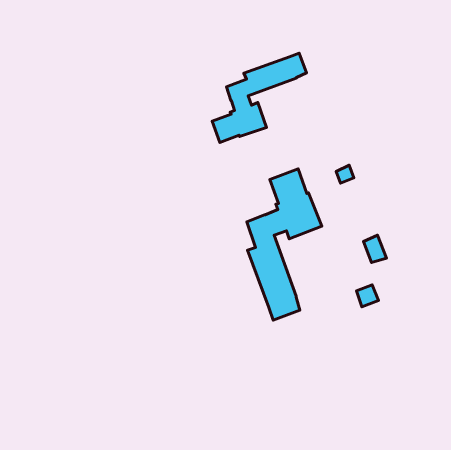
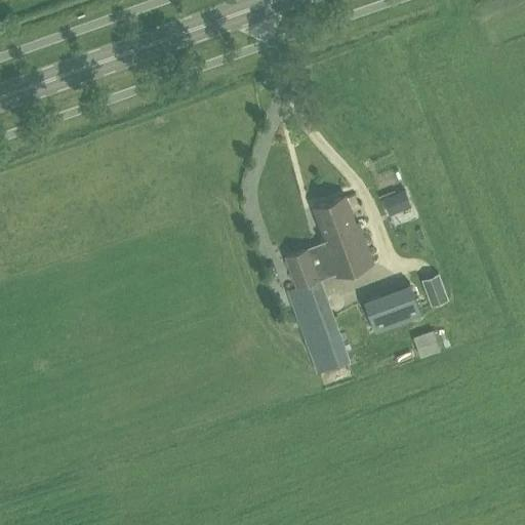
building: [212,53,306,142] -> none
building: none -> [364,286,420,333]

